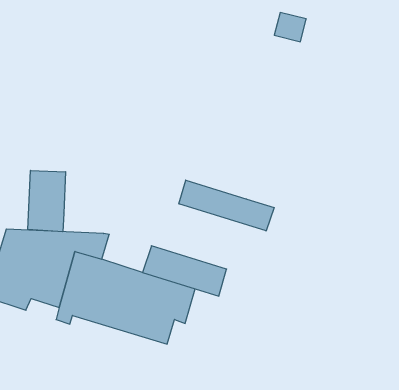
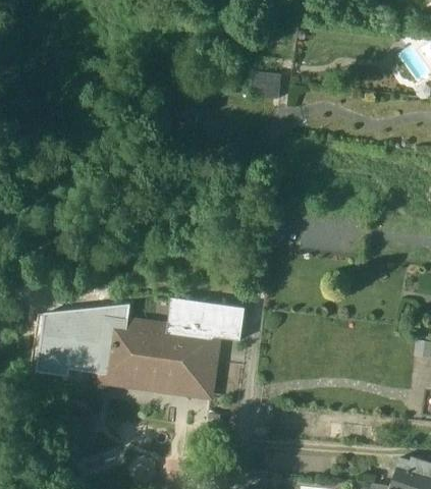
building: [28,170,66,232] -> none
building: [179,180,274,231] -> none

